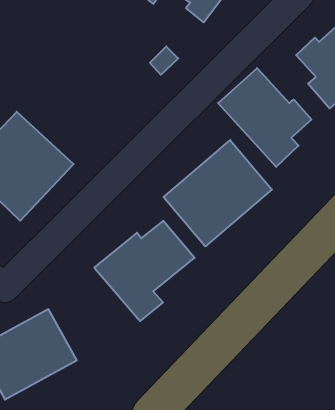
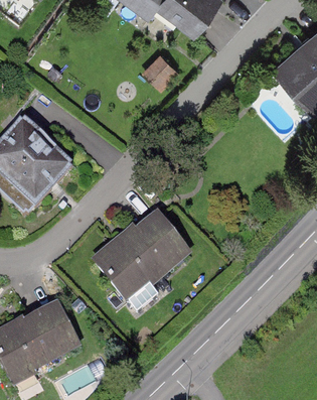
building: [218,68,311,167] -> none
building: [164,140,272,246] -> none

